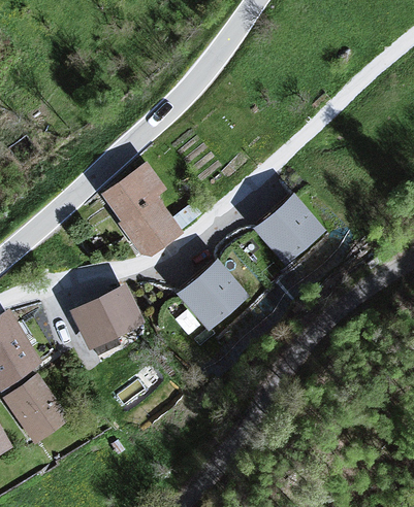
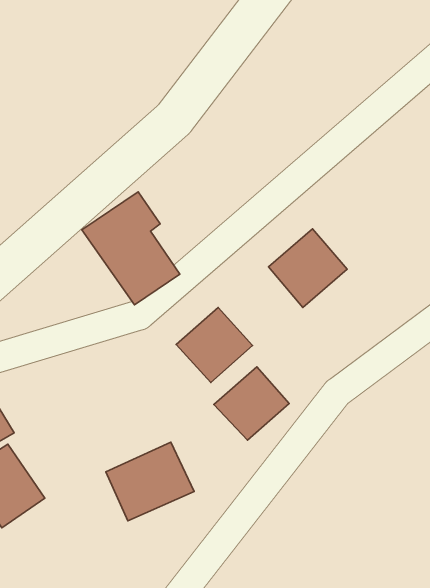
building: [68,285,142,351] -> [106,442,194,521]
building: none -> [214,367,289,440]

